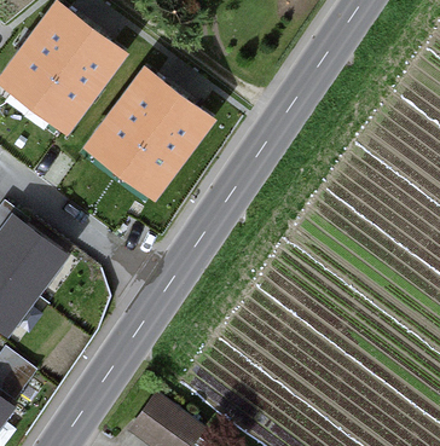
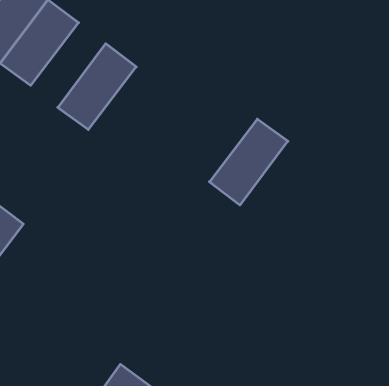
building: [126,103,203,187] -> [209,119,288,205]

